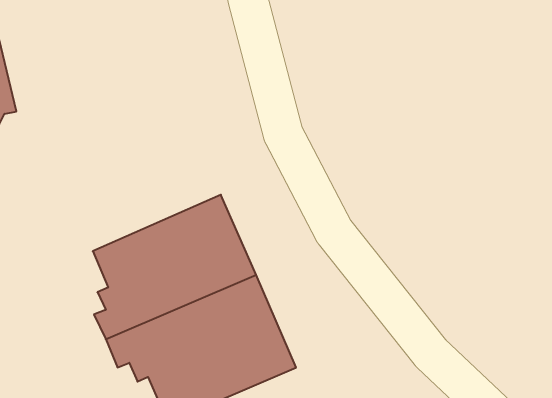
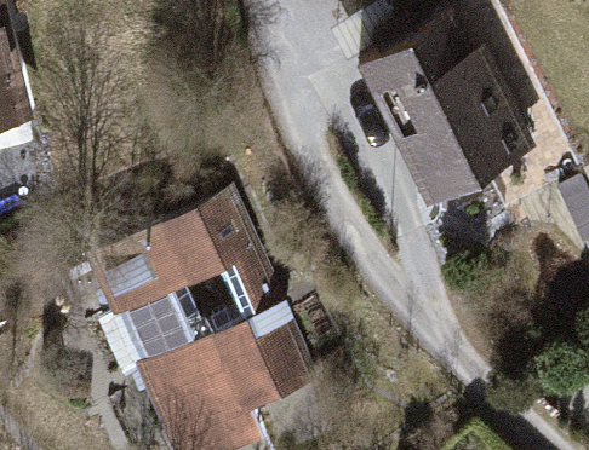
building: none -> [381,17,531,200]

